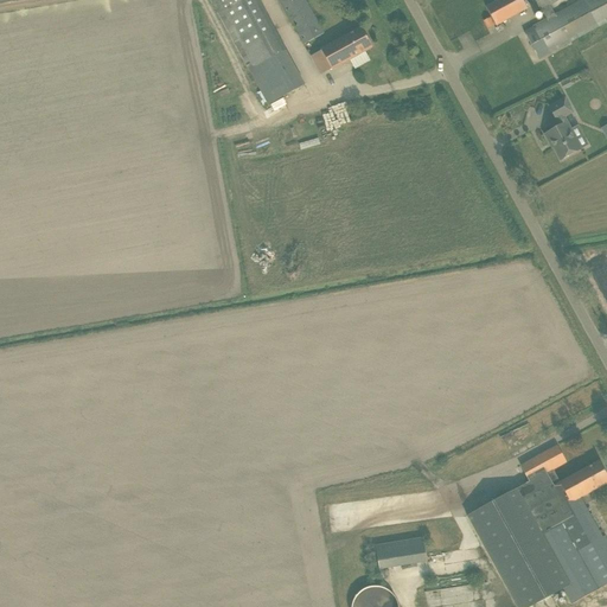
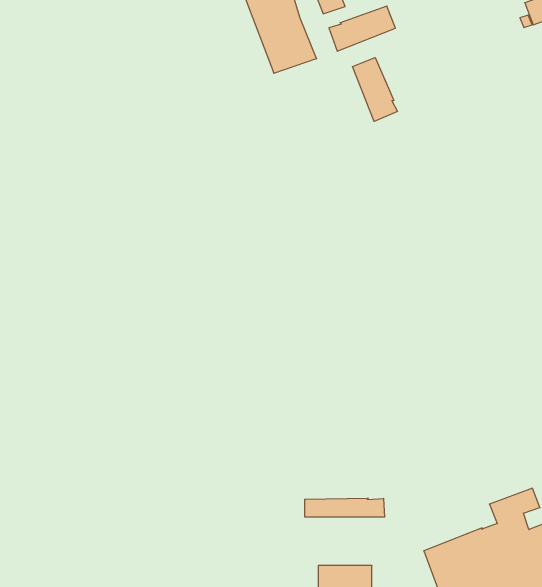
building: none -> [353,58,397,121]
building: none -> [305,498,385,517]

